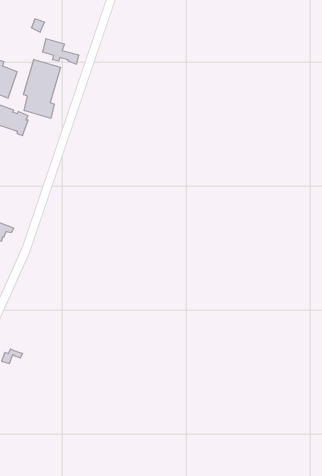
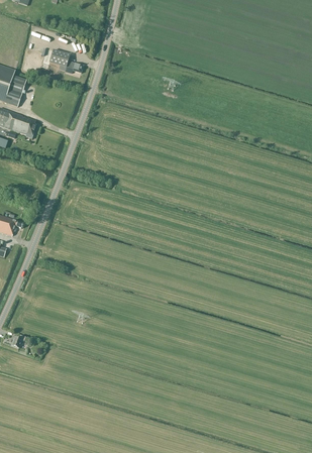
building: [23,59,60,118] -> none

